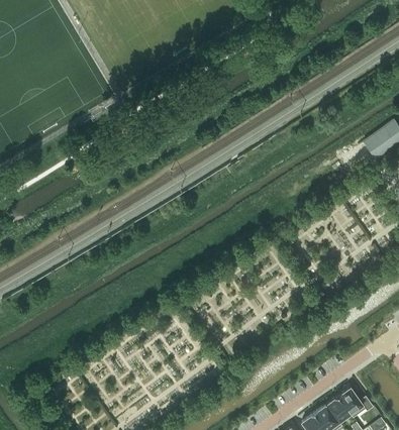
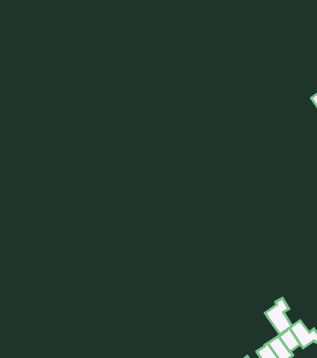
building: none -> [265,298,292,334]

